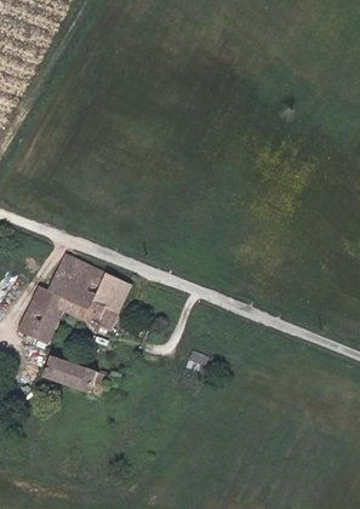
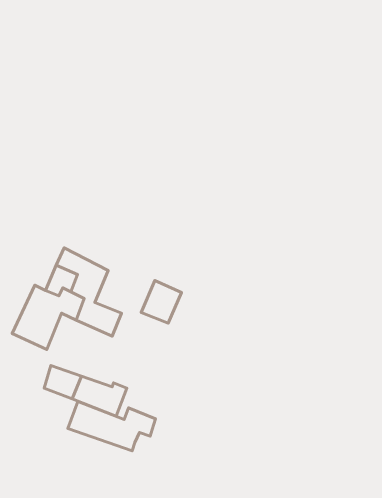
building: [92,271,128,310] -> [141,280,181,323]
building: none -> [68,402,156,451]

